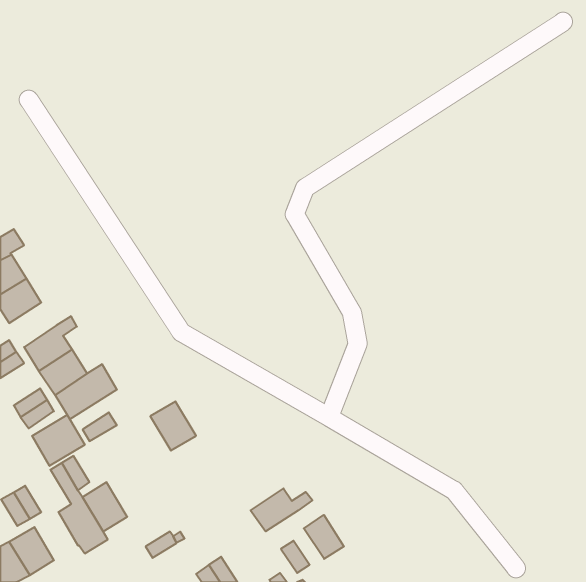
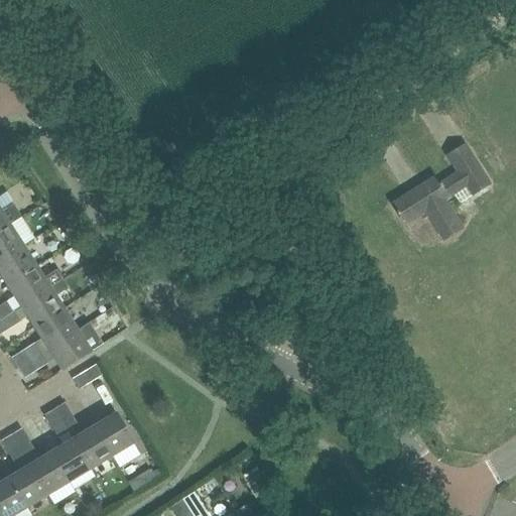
building: none -> [392,143,488,239]
building: none -> [8,266,62,305]
building: [150,401,196,451] -> [94,411,134,455]
building: [32,415,85,466] -> none
building: [251,488,312,531] -> none
building: none -> [30,450,69,493]
building: [304,515,344,559] -> none

